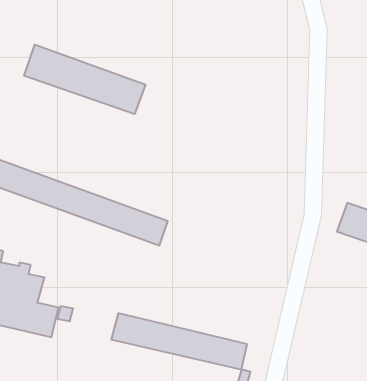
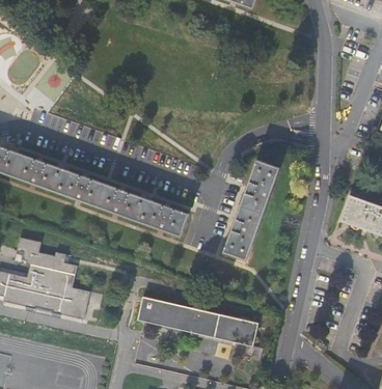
building: [24,45,145,114] -> none
building: none -> [225,161,279,259]

